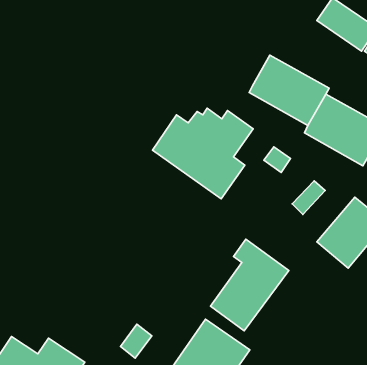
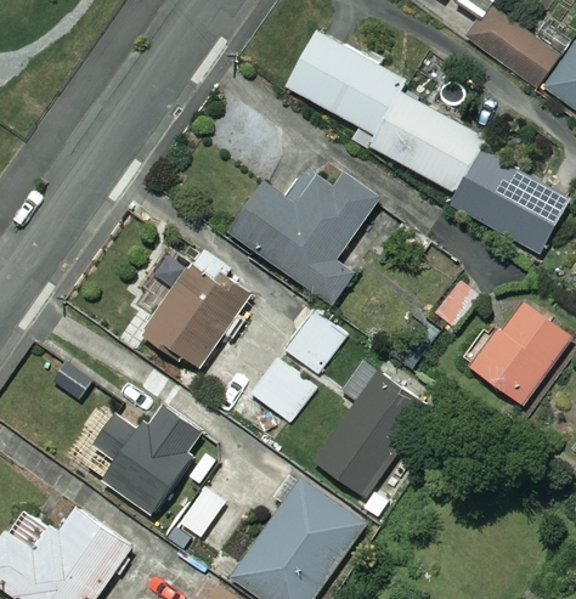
building: none -> [284,28,407,136]
building: none -> [143,247,250,371]
building: none -> [283,307,348,373]
building: none -> [250,356,316,420]
building: none -> [91,405,207,515]

